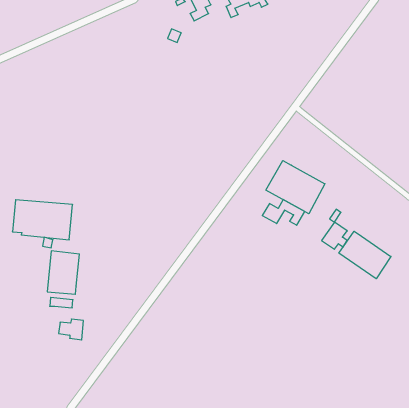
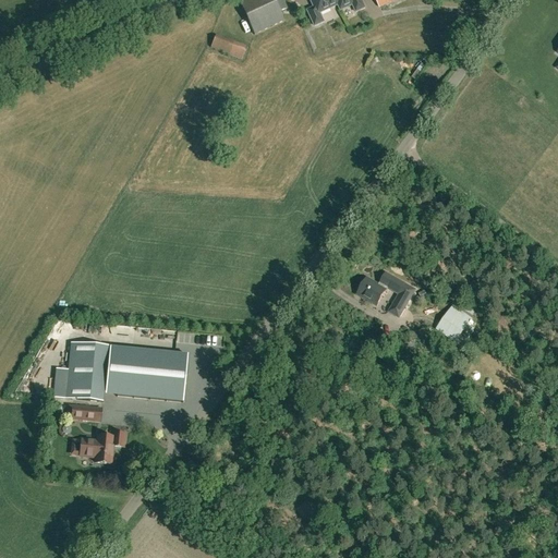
building: [266,161,325,214] -> none
building: [12,200,73,240] -> [104,345,185,400]
building: [339,231,391,279] -> none

